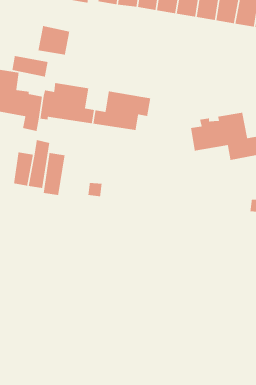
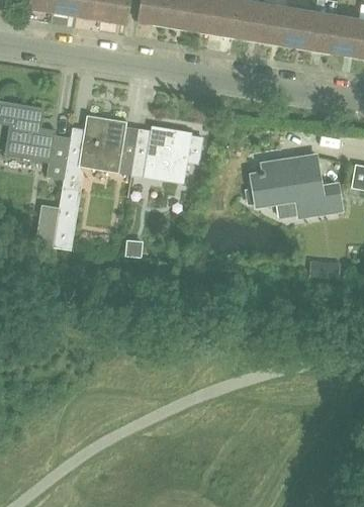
building: [37,25,70,56] -> none
building: [11,55,49,77] -> none
building: [43,152,66,196] -> none

